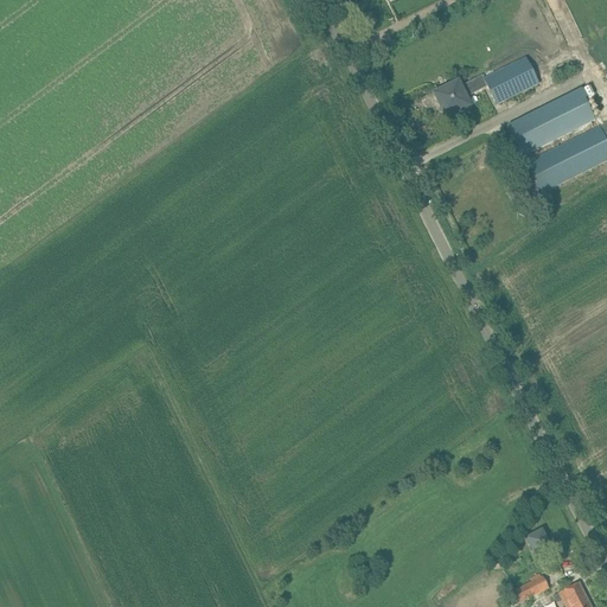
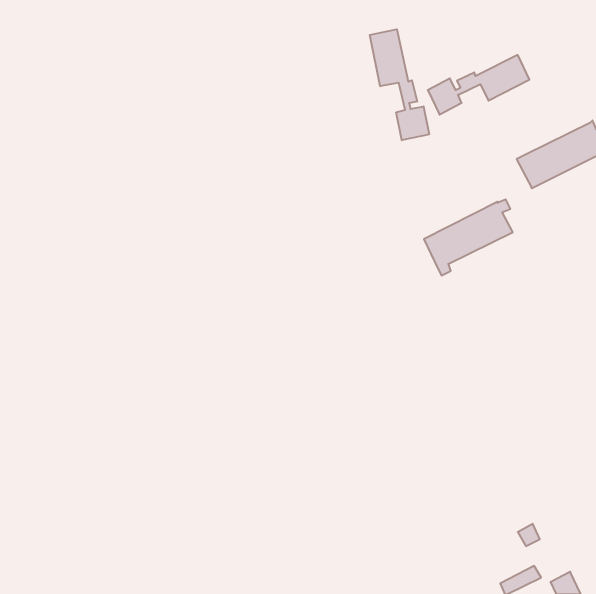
building: none -> [370,29,429,140]
building: [507,84,598,161] -> [424,199,513,275]

